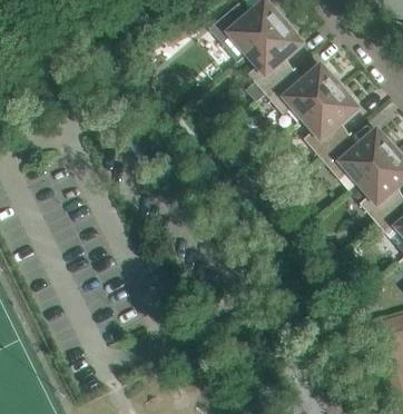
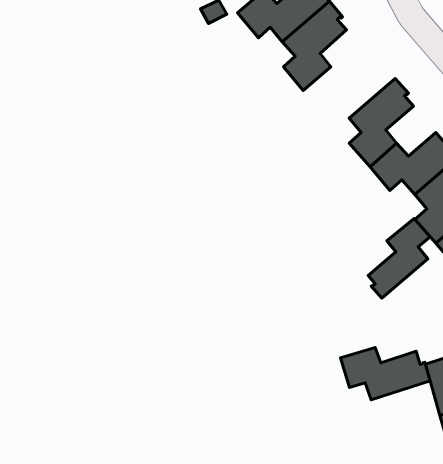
building: [264,65,342,117] -> none
building: none -> [368,219,430,298]
building: none -> [340,347,430,400]

